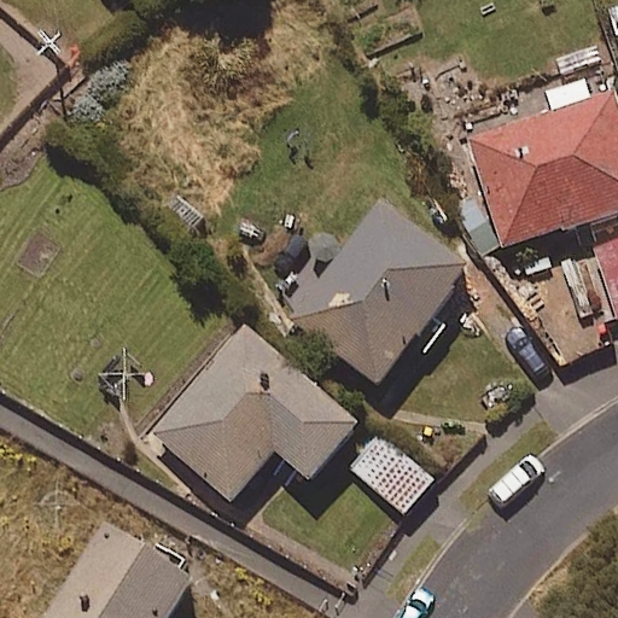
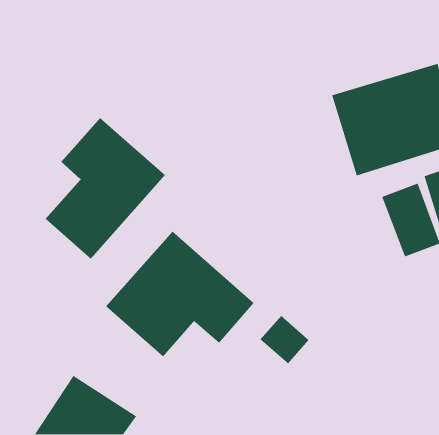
building: none -> [45,117,166,260]
building: [290,199,470,385] -> none

